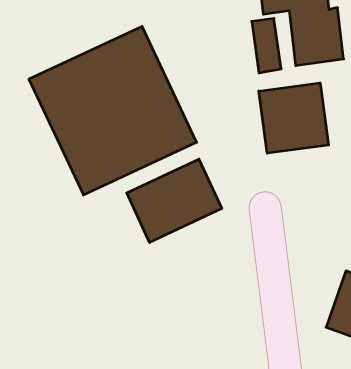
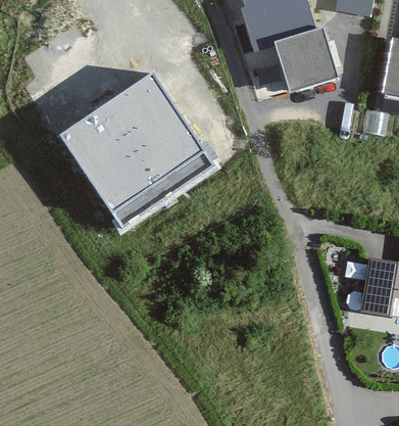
building: [259,83,329,153] -> none
building: [127,159,222,243] -> none

